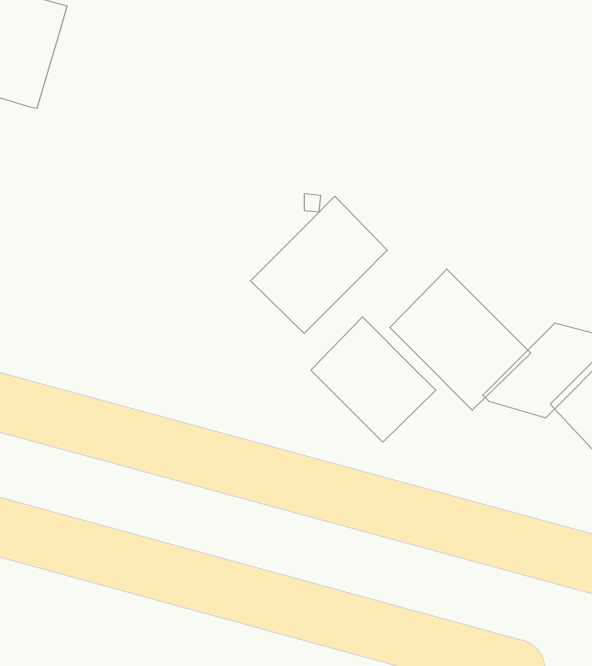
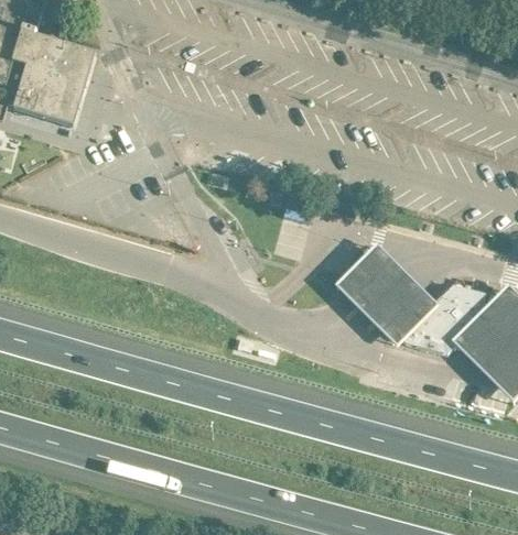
building: [250,196,387,333] -> none
building: [311,317,436,442] -> none

